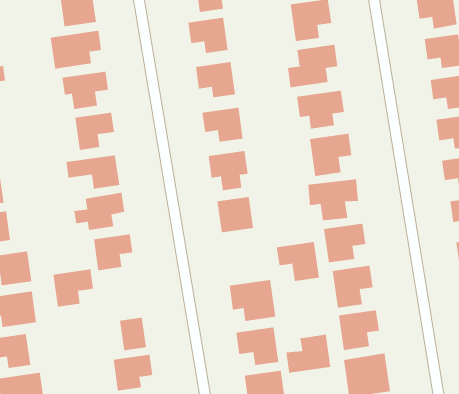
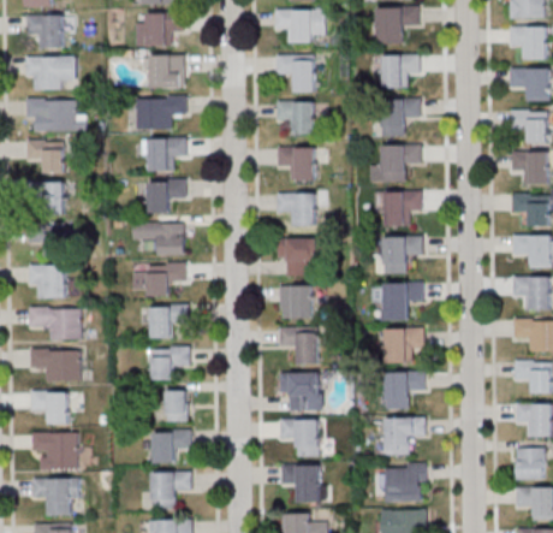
building: [276,242,320,282] -> [279,327,319,365]
building: [53,269,94,307] -> [150,347,190,380]
building: [286,334,331,373] -> none

